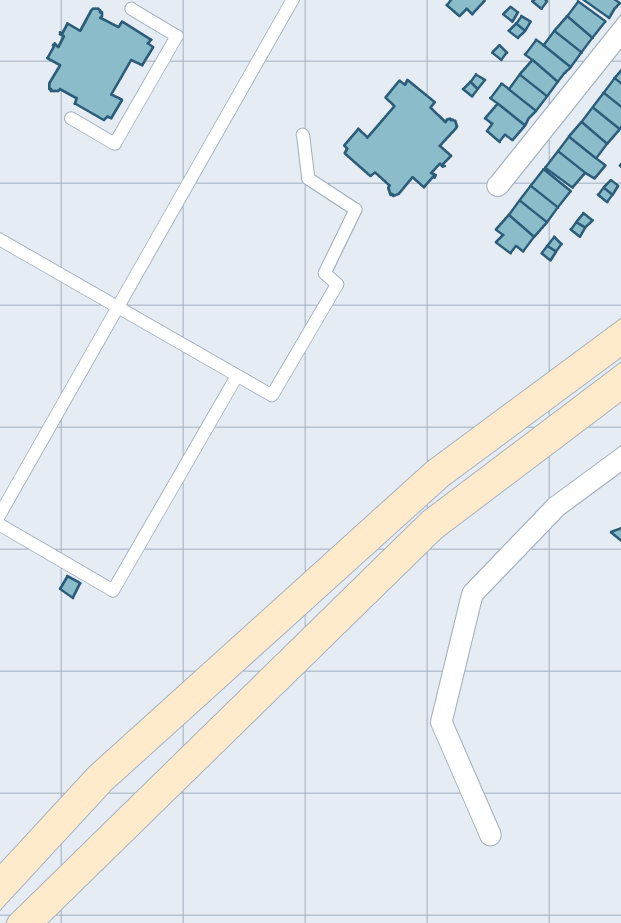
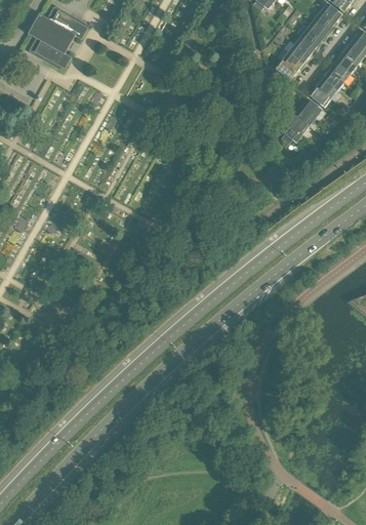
building: [344,80,457,196] -> none

